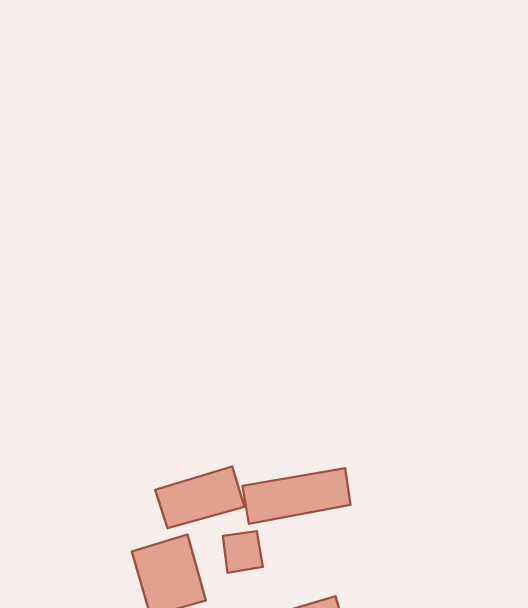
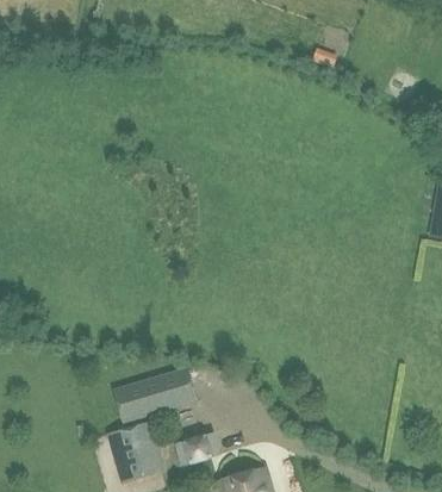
building: [243,468,350,524] -> none

